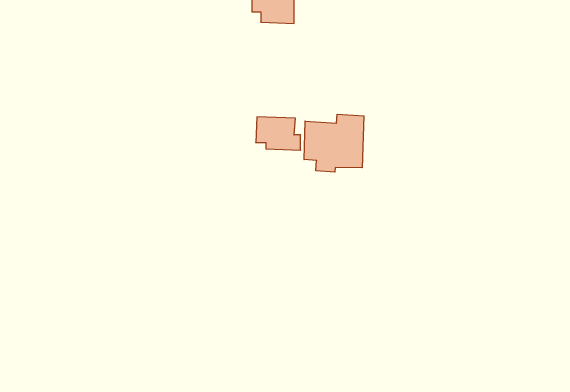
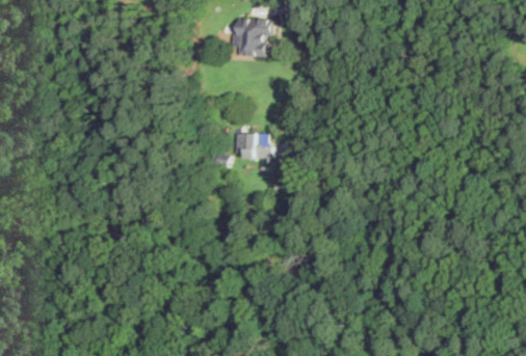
building: [304,114,364,172] -> none

